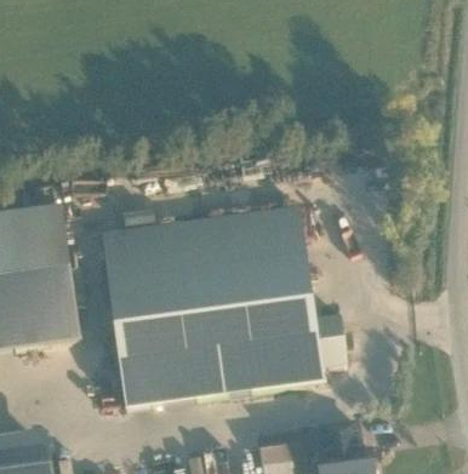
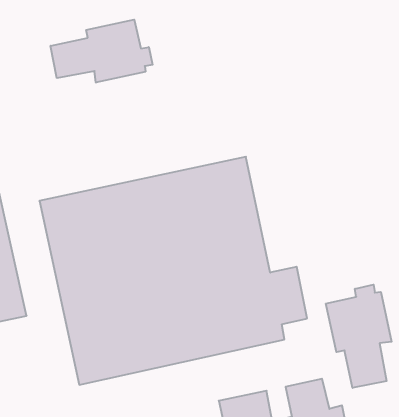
building: none -> [51,20,153,83]
building: none -> [326,285,392,388]

